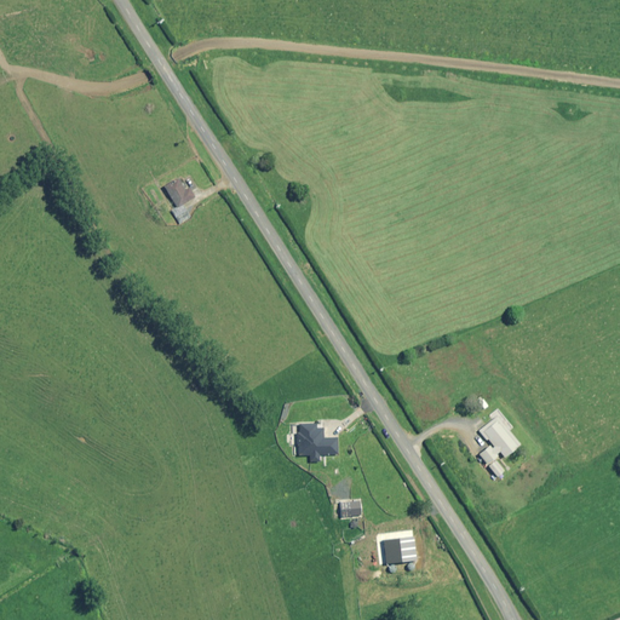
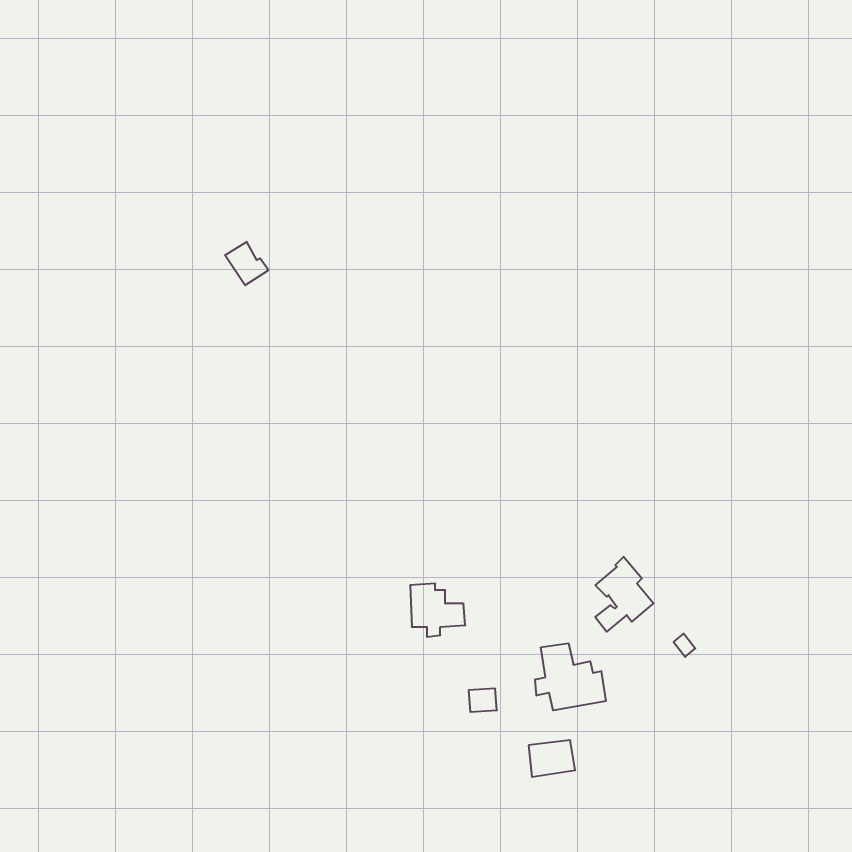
building: [478,411,521,465] -> [595,557,654,632]
building: none -> [535,643,606,710]

